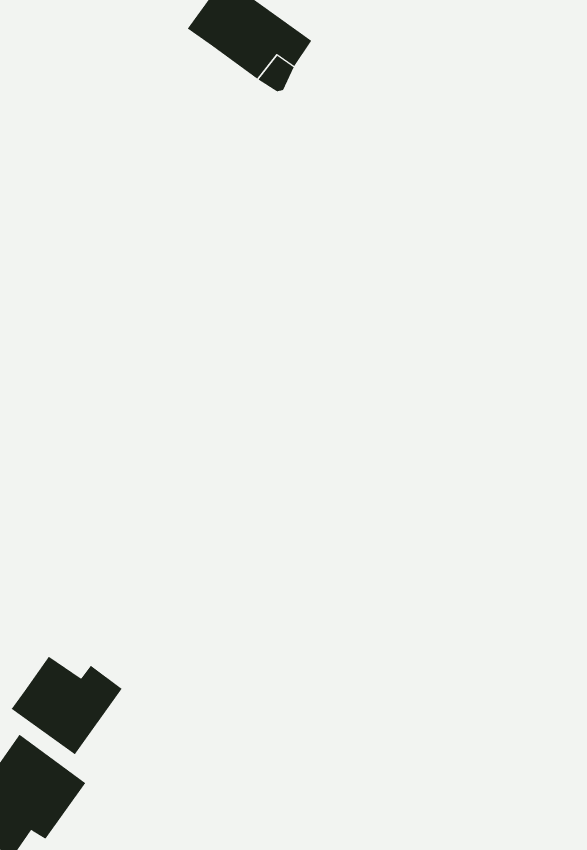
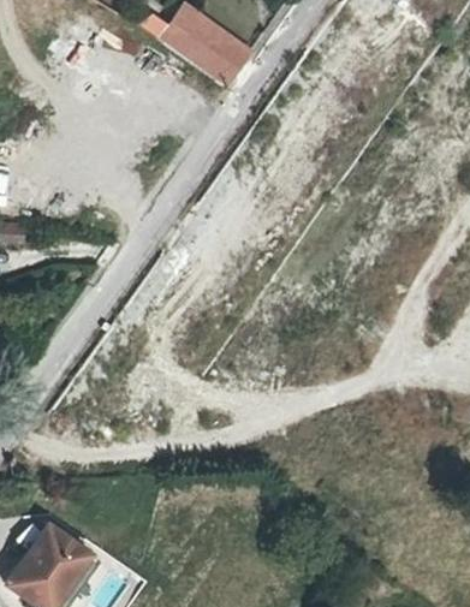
building: [11,656,123,755] -> none

